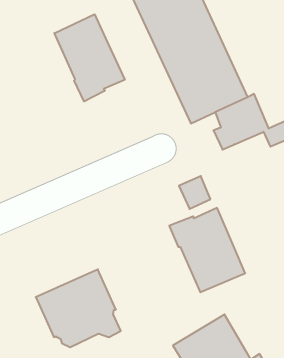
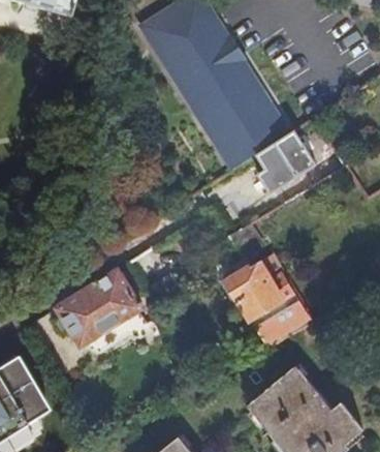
building: [54,14,125,101] -> none
building: [36,269,121,347] -> [57,268,151,354]

